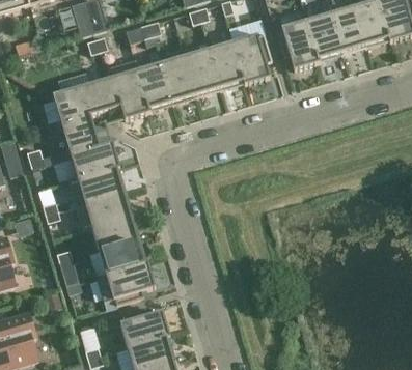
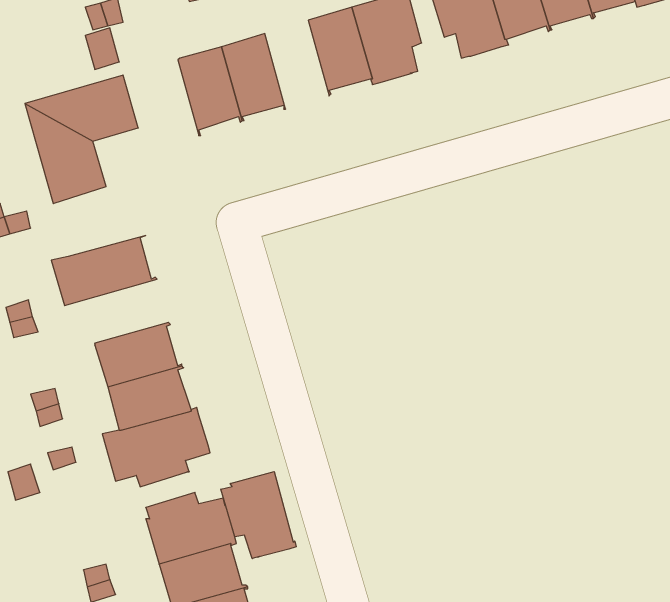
building: [185,48,220,96] -> none
building: [107,59,148,118] -> none
building: [68,139,119,177] -> none
building: [75,190,132,229] -> none
building: none -> [221,472,296,559]

